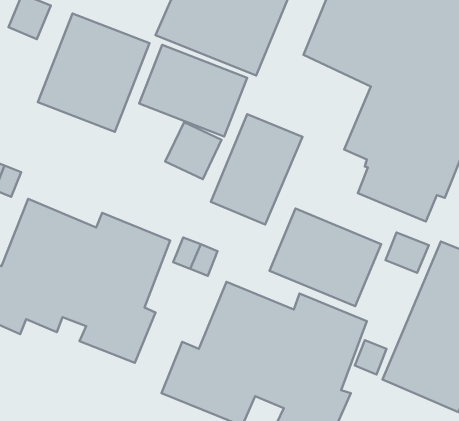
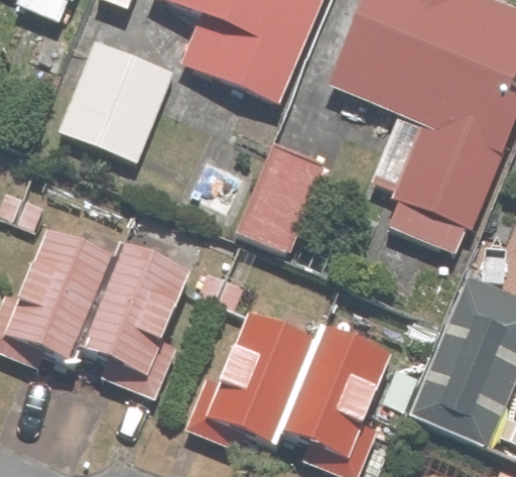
building: [139,45,247,137] -> none
building: [269,209,381,306] -> none

